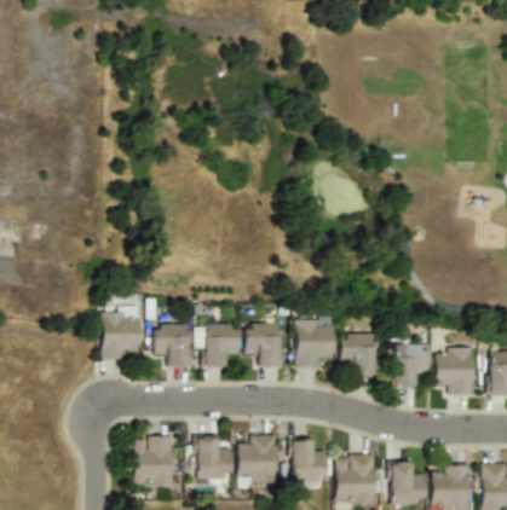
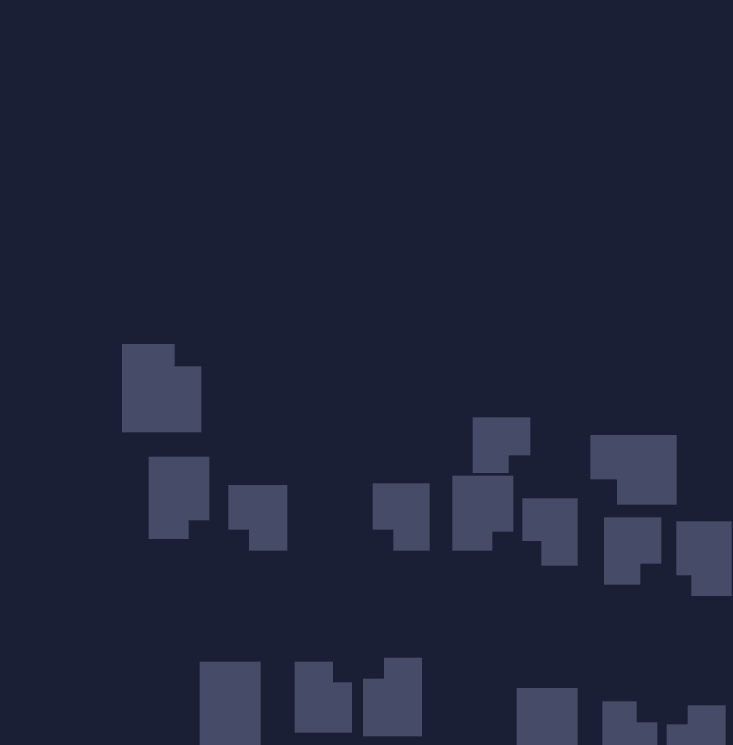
building: none -> [121,343,202,433]
building: none -> [472,416,531,474]
building: none -> [590,434,677,506]
building: [202,321,240,367] -> none
building: [290,439,328,482] -> none

